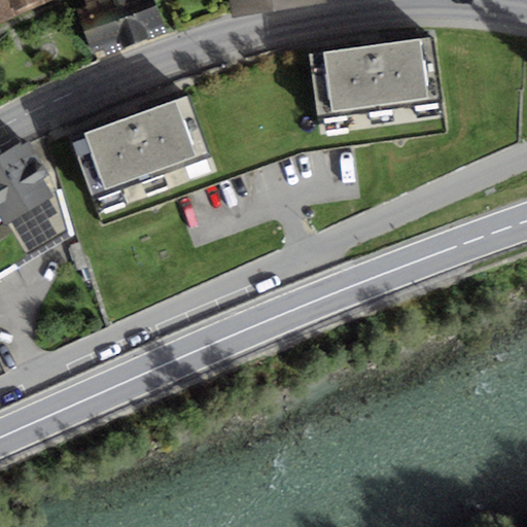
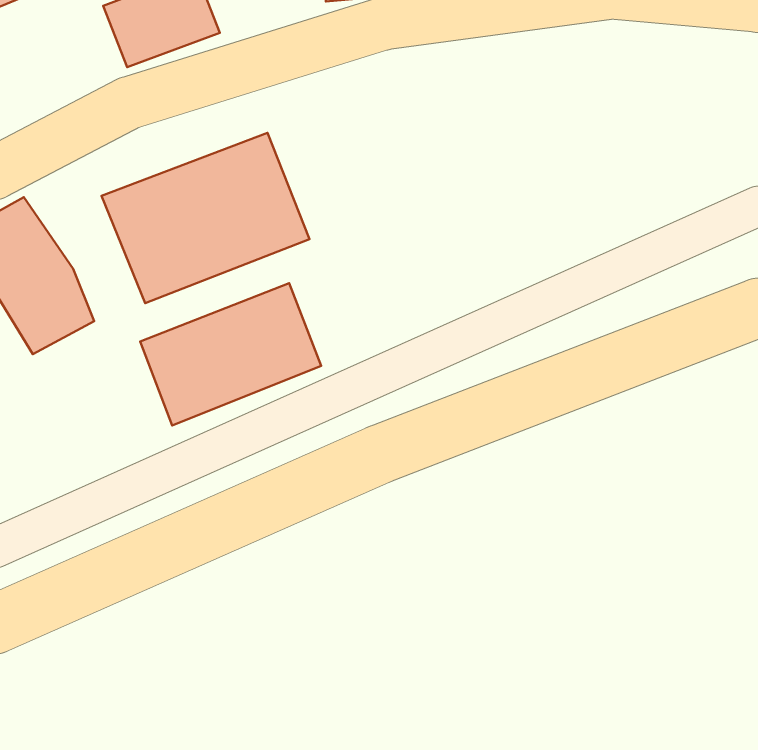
building: [307,35,441,129] -> none
building: none -> [140,283,321,426]

